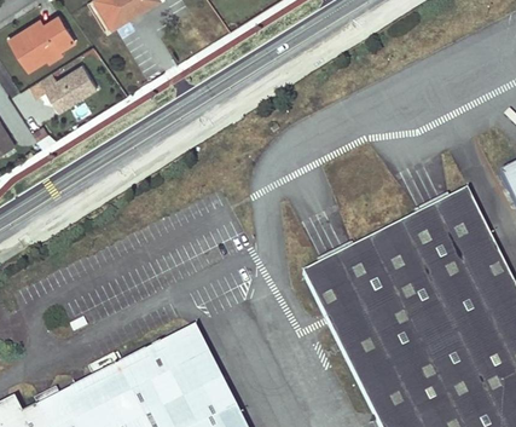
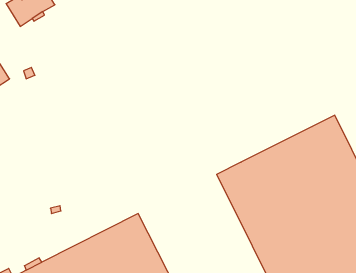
building: [40,63,98,110] -> none

